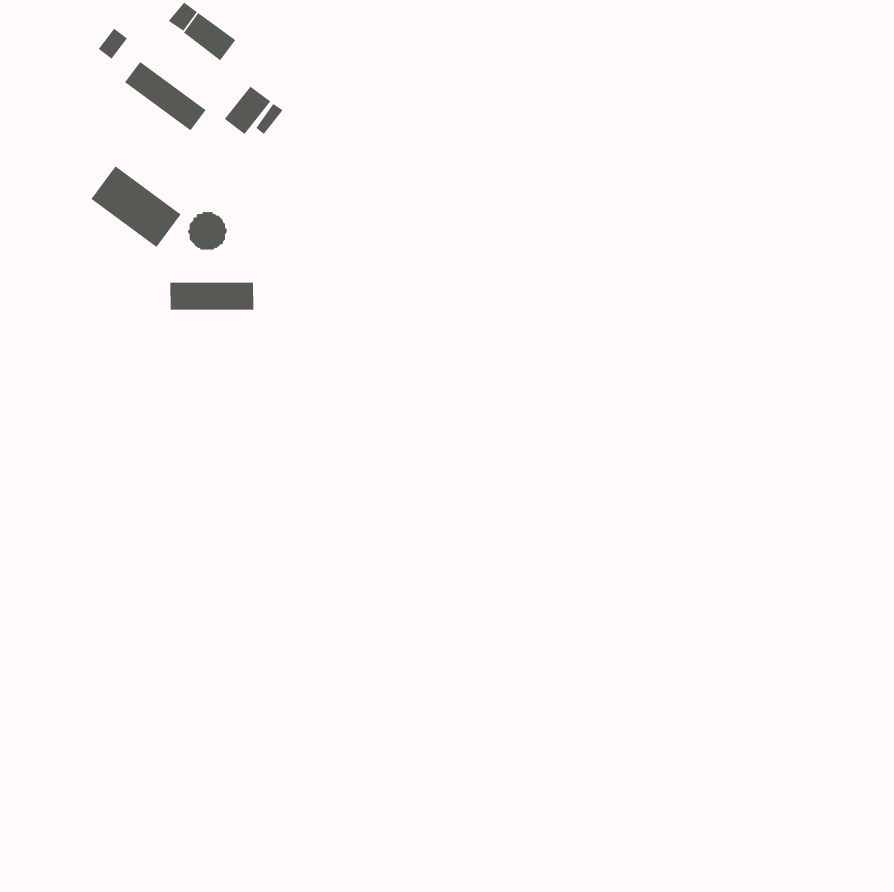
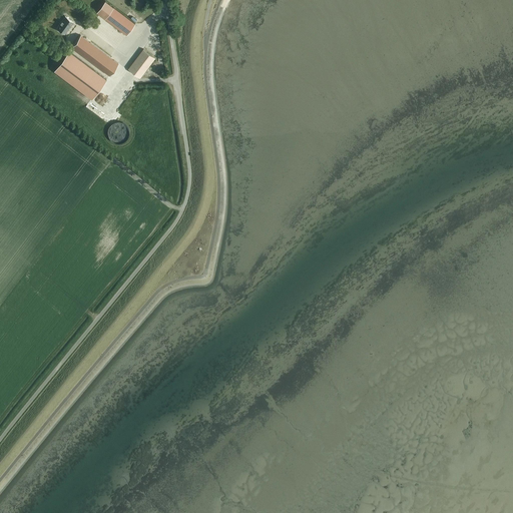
building: [91,166,181,248] -> [54,52,106,99]
building: [170,282,254,310] -> none

